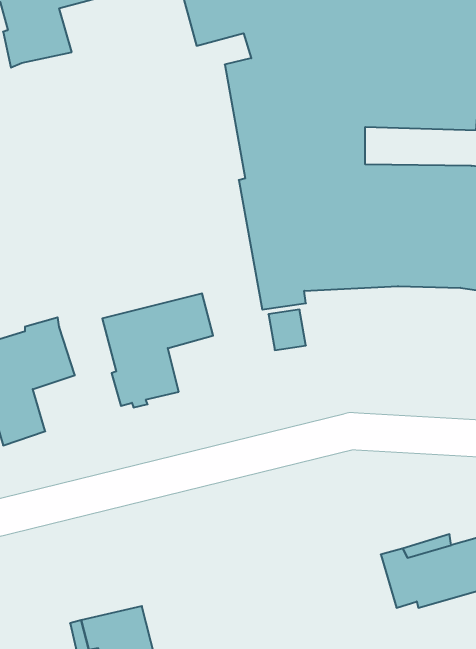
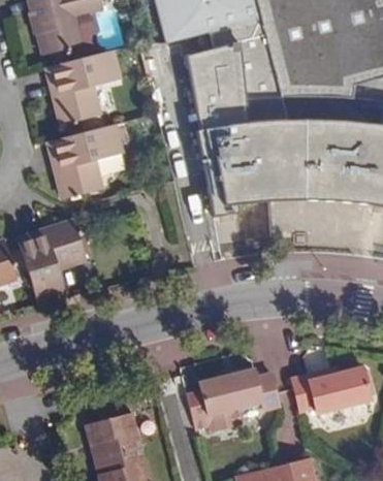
building: none -> [50,49,124,125]
building: [102,293,213,407] -> [52,123,125,198]
building: none -> [194,371,279,419]

